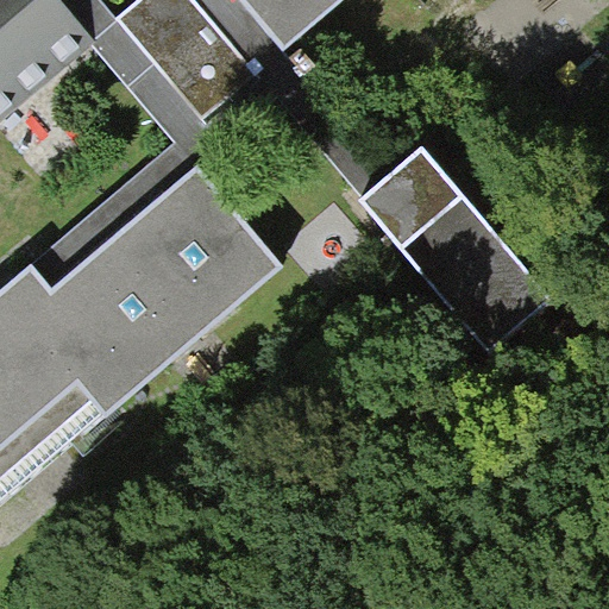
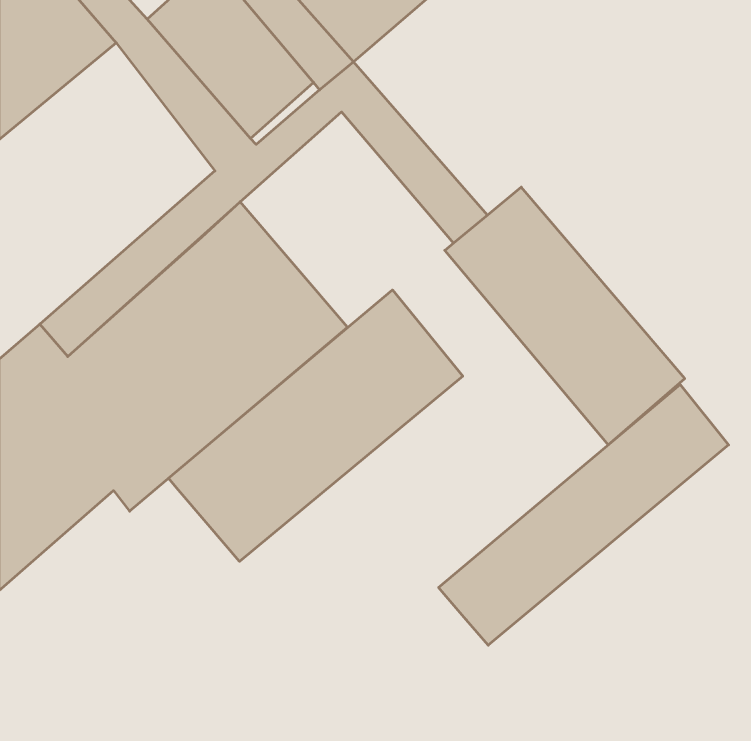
building: none -> [168,290,463,561]
building: none -> [439,384,729,645]

